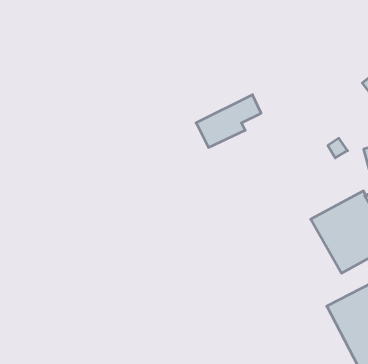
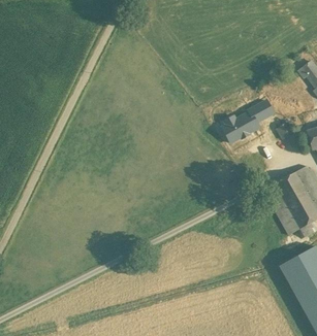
building: [196,95,261,147] -> [219,98,274,142]

